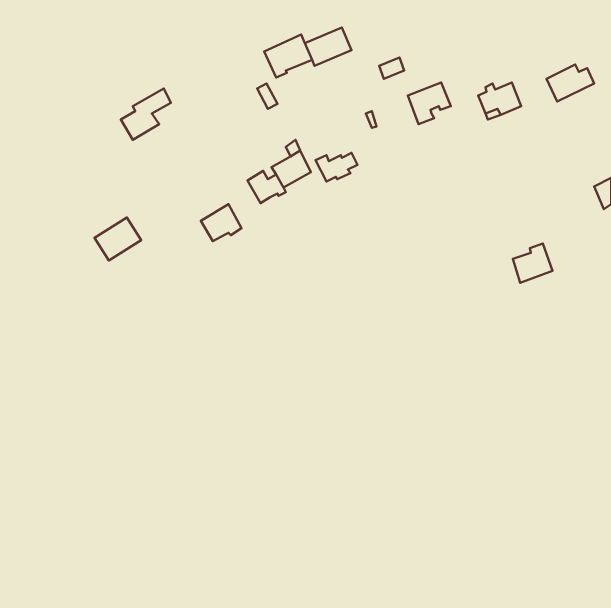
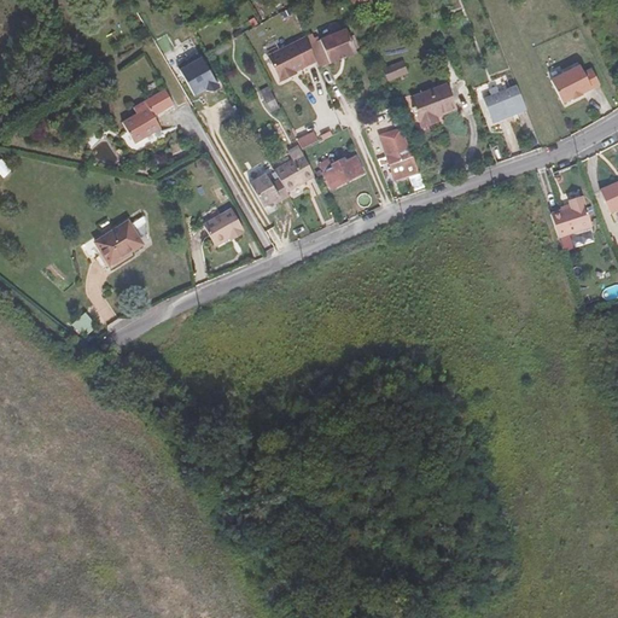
building: none -> [179,52,215,93]
building: none -> [379,127,414,173]
building: [513,243,552,283] -> [552,198,591,238]

